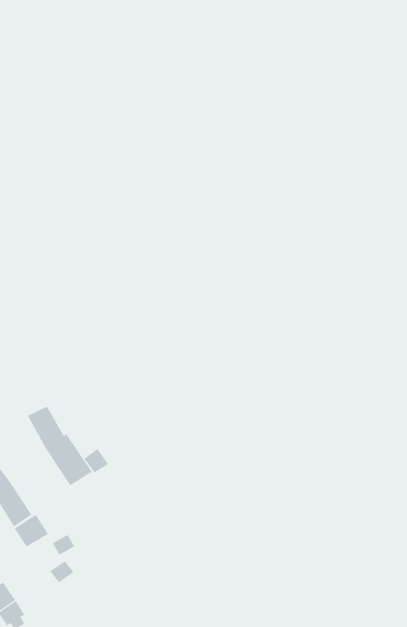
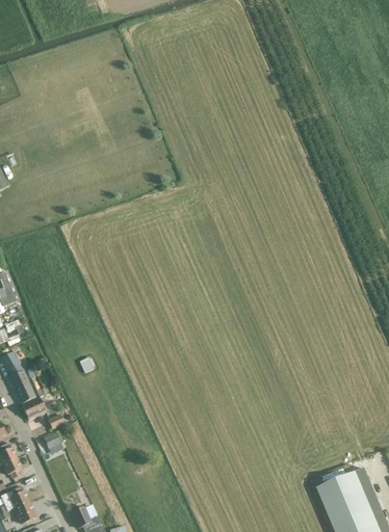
building: [27,406,93,486] -> none

